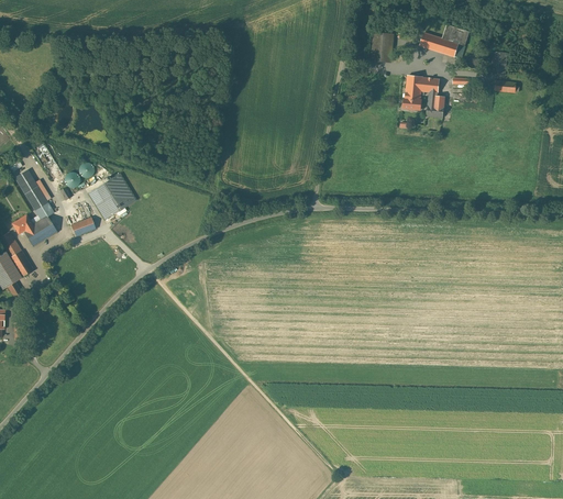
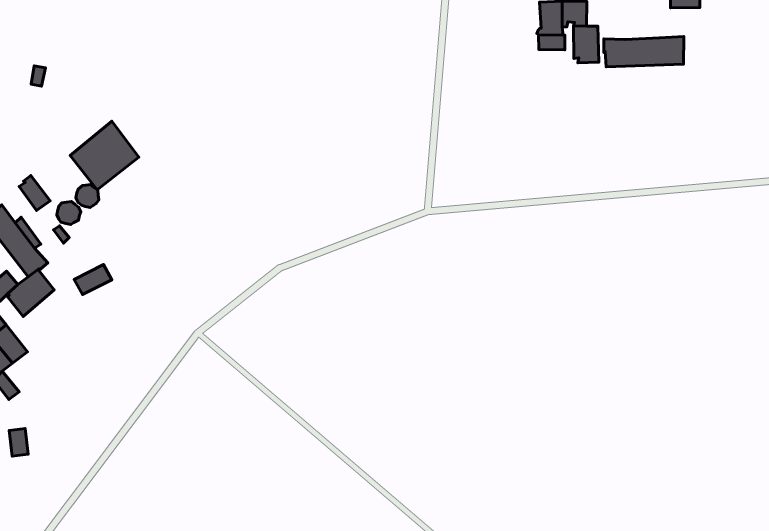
building: none -> [604,37,684,67]
building: [89,173,135,218] -> [70,121,139,190]

